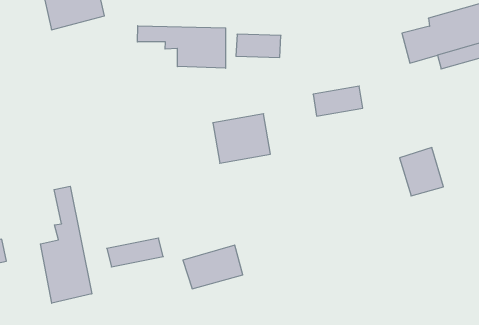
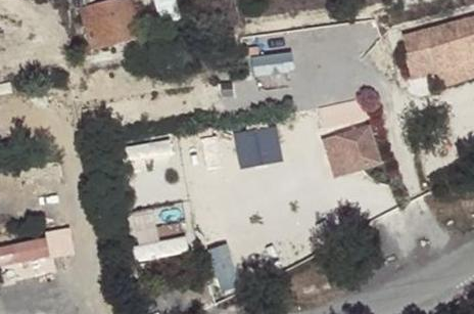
building: [137,26,226,68] -> none
building: [400,148,443,196] -> [335,123,374,166]
building: [40,186,92,303] -> none

